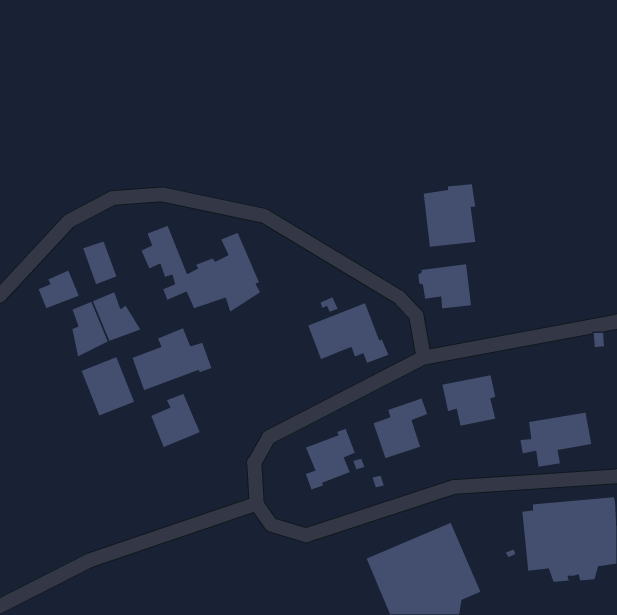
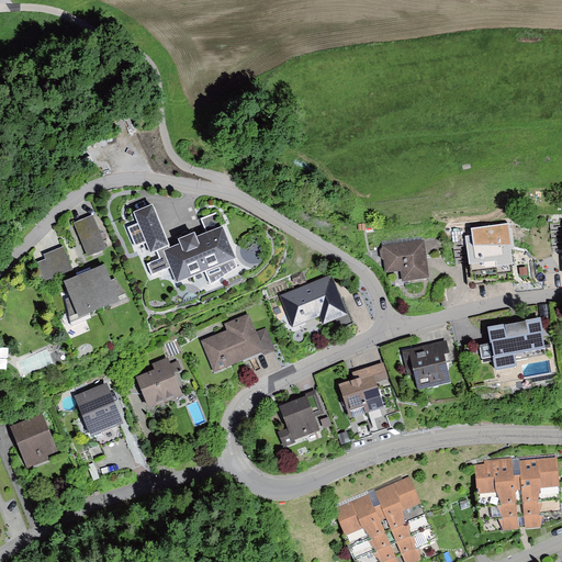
building: [423,183,476,247] -> [465,228,514,286]
building: [132,327,213,391] -> [201,313,274,371]
building: [81,356,135,417] -> [74,382,123,437]
building: [520,412,592,467] -> [479,319,544,370]
building: none -> [10,414,57,468]

